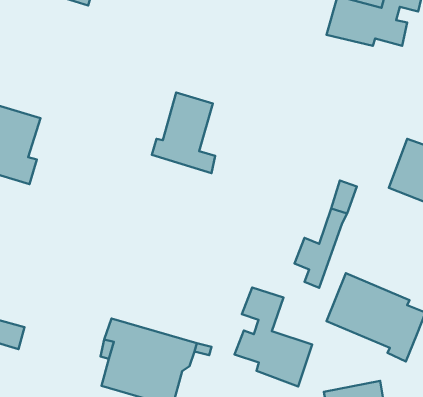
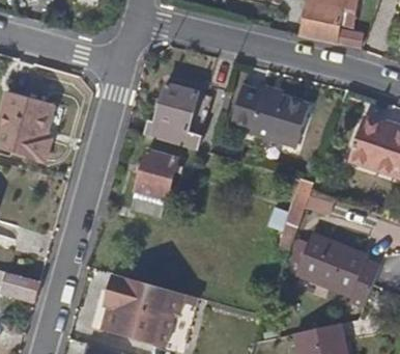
building: none -> [229,86,312,151]
building: none -> [132,151,177,218]
building: [234,287,312,386] -> none

